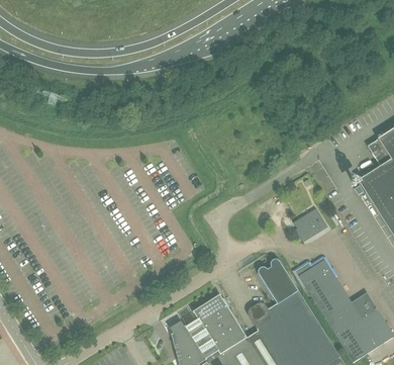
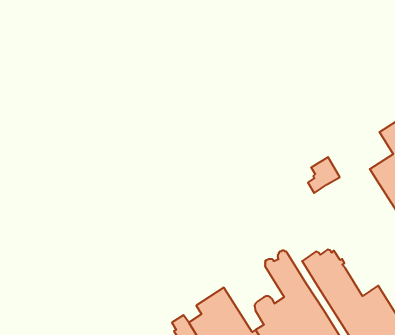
building: [297,207,327,242] -> [308,157,340,193]

